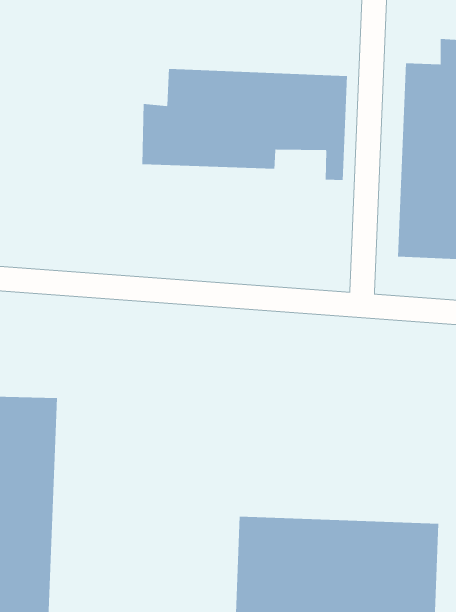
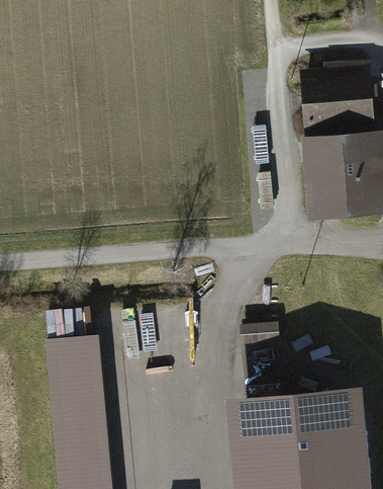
building: [142,68,347,181] -> none

